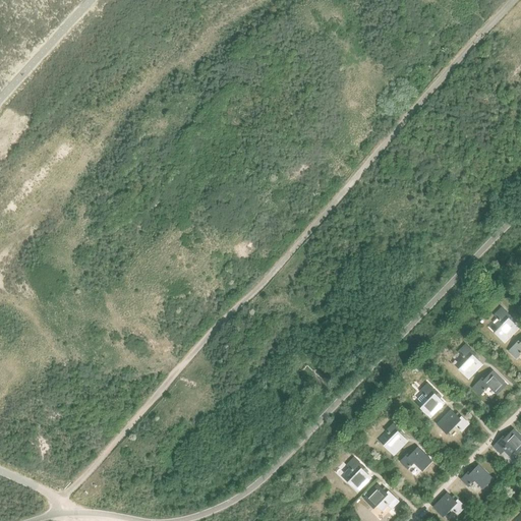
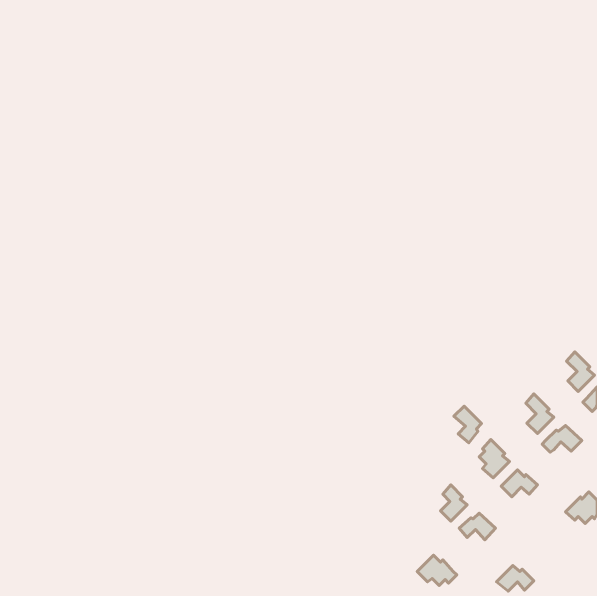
building: none -> [454,406,482,443]
building: [344,457,370,491] -> none
building: [461,464,493,487] -> none

